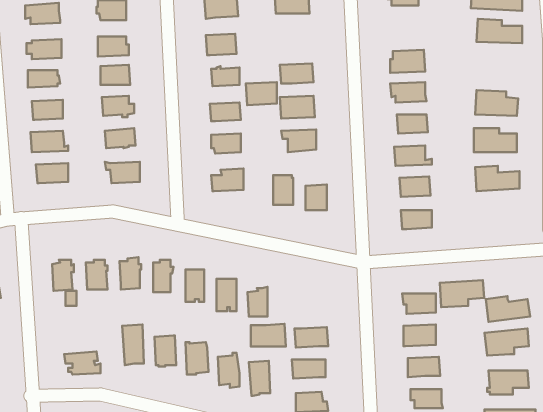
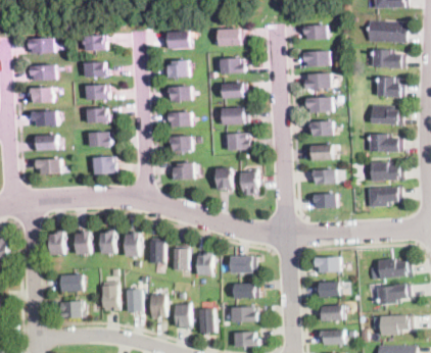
building: none -> [303,50,331,66]
building: none -> [377,77,404,97]
building: [246,82,277,105] -> [220,56,243,73]
building: [440,280,484,307] -> [368,187,401,207]
building: none -> [58,274,84,292]
building: [251,324,286,347] -> [230,255,256,272]

